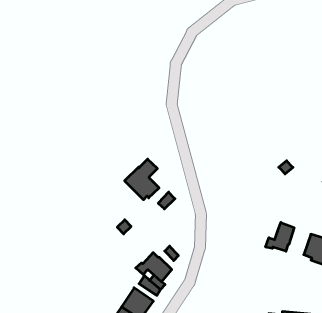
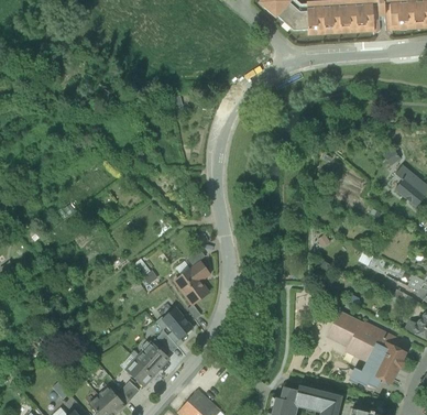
building: [125,159,159,200] -> [175,261,210,302]
building: [266,222,294,251] -> none

